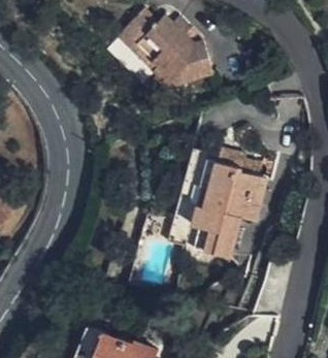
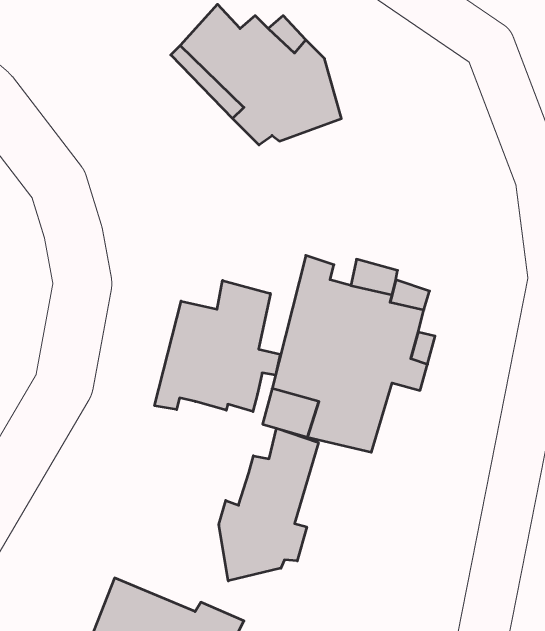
building: none -> [155,280,280,412]
building: none -> [219,428,318,581]

